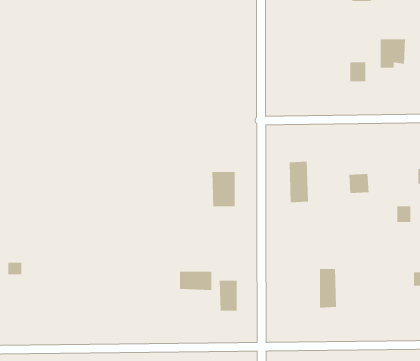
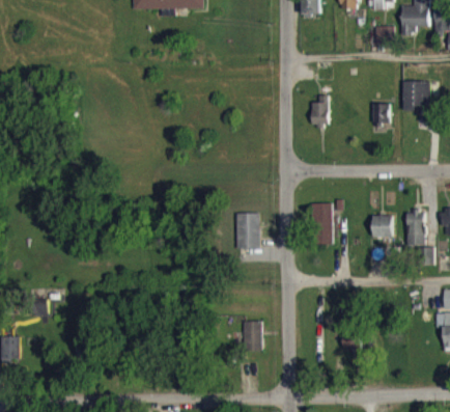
building: none -> [311,95,328,126]
building: none -> [405,211,423,245]
building: [180,271,212,291] -> none

